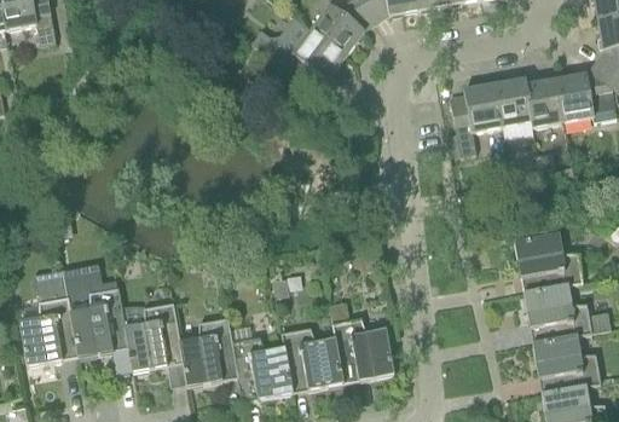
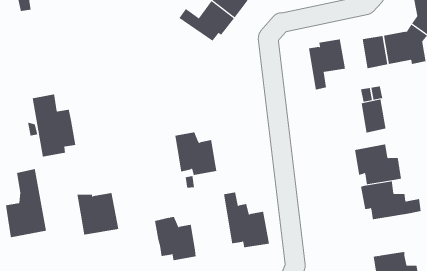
building: [494,77,532,126] -> [361,99,387,133]
building: [63,266,126,355] -> [32,94,76,157]
building: [178,317,235,386] -> none
building: [280,326,341,388] -> [174,132,217,175]
building: [532,334,600,391] -> none

